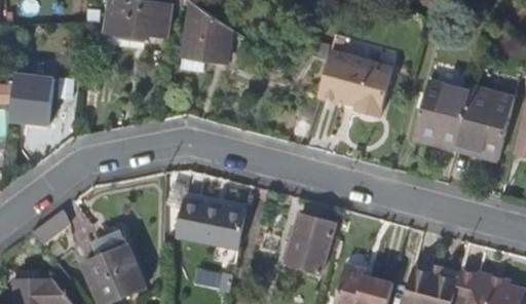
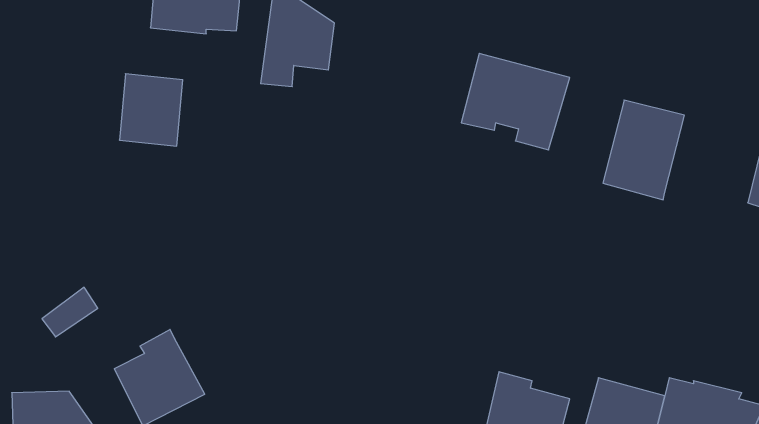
building: [11,73,54,122] -> [119,74,183,146]
building: [457,87,515,159] -> none
building: [174,198,245,249] -> none
building: [287,213,334,272] -> none

